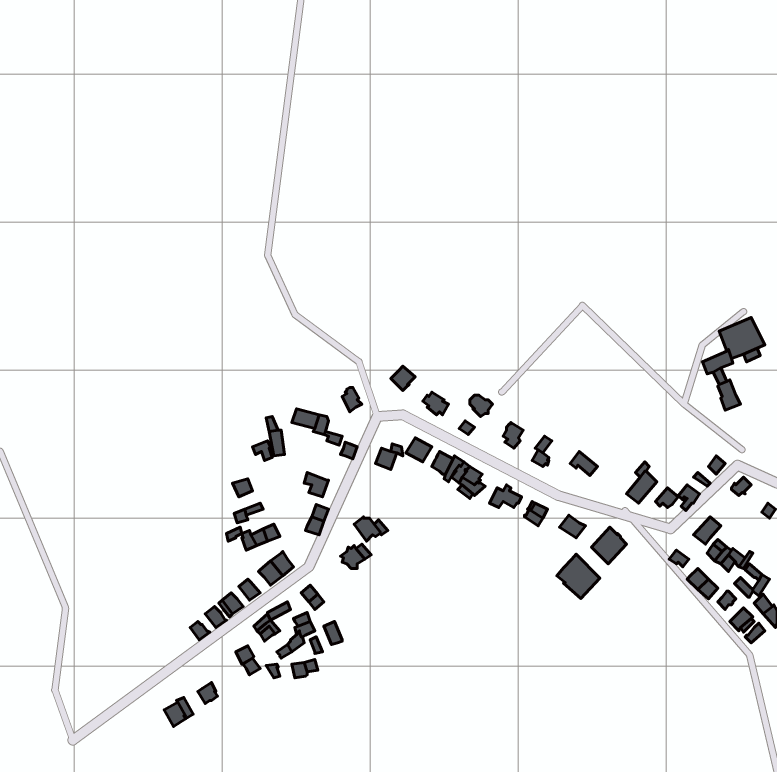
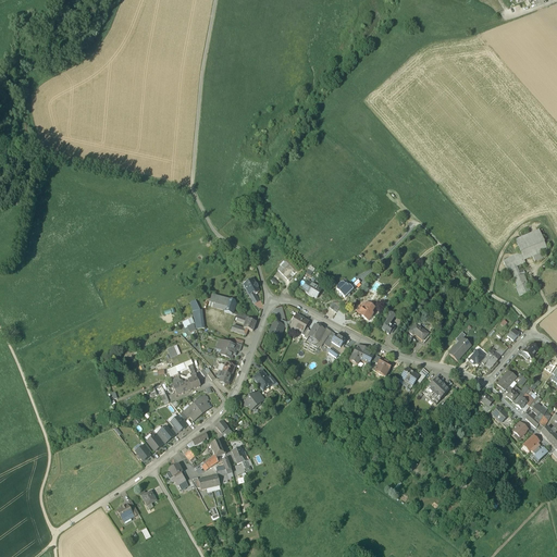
building: [557,554,600,598] -> none

